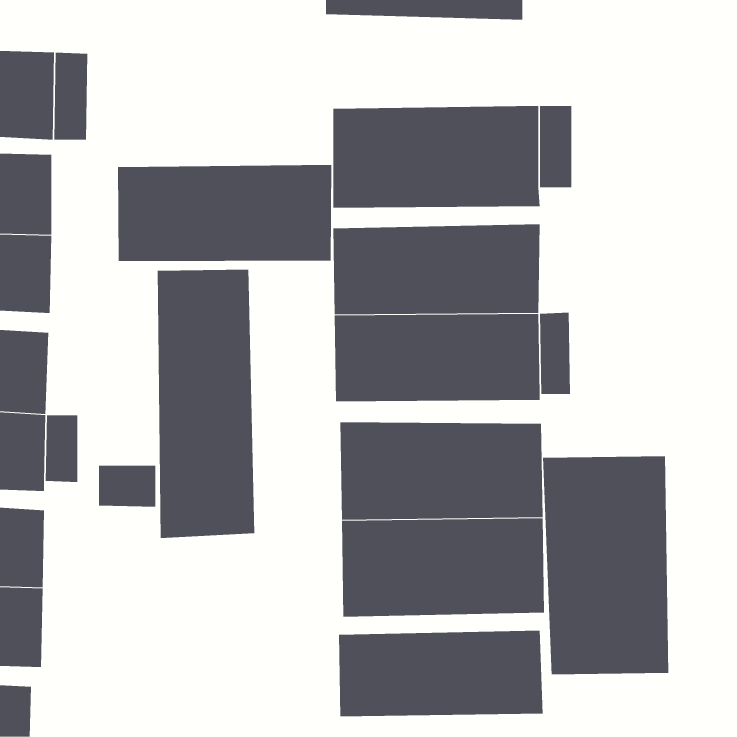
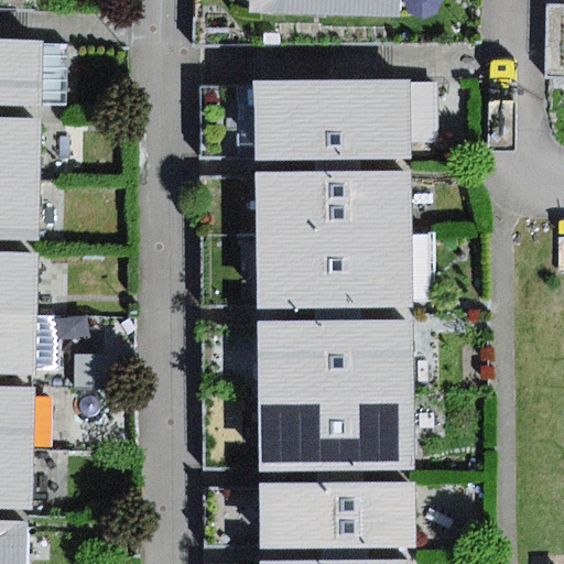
building: [117,164,332,262] -> none
building: [157,269,255,539] -> none
building: [542,455,669,675] -> none

